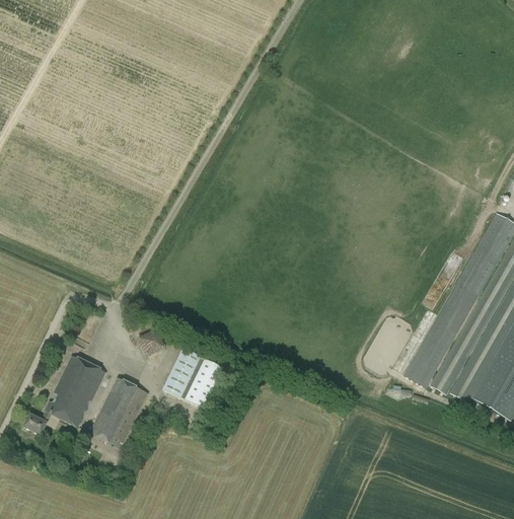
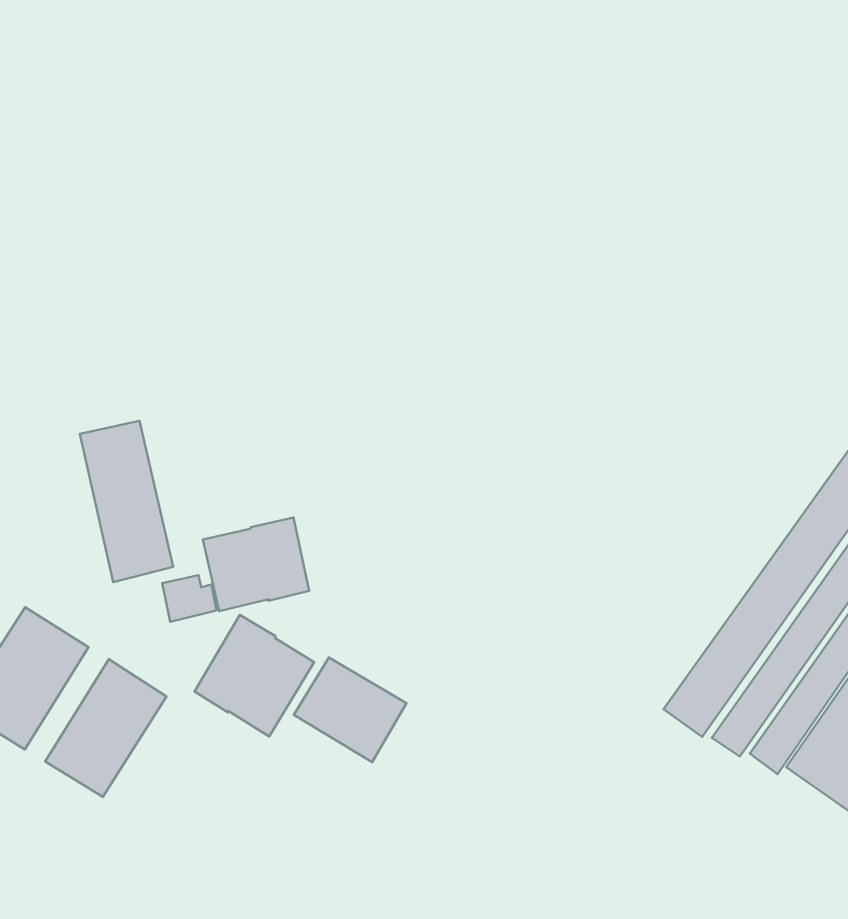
building: none -> [80,421,173,582]
building: none -> [203,518,309,611]
building: none -> [294,658,406,762]

